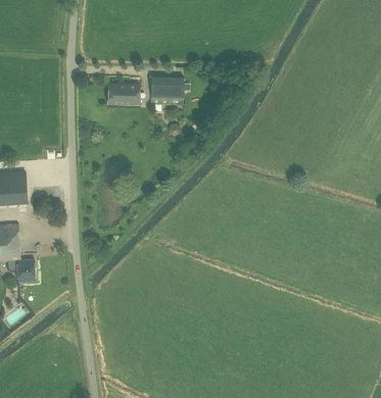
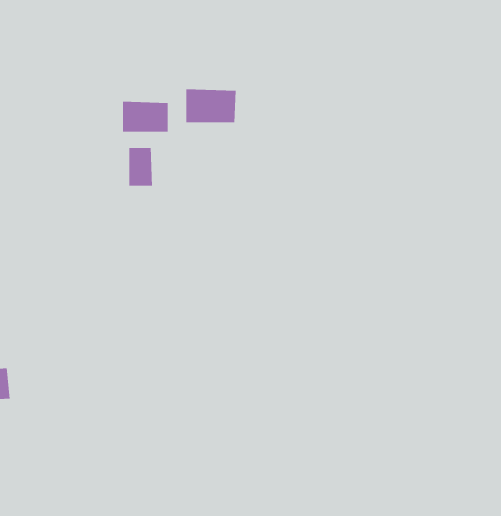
building: none -> [129,147,152,187]

